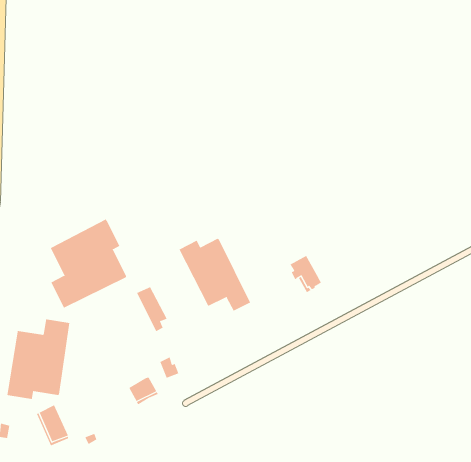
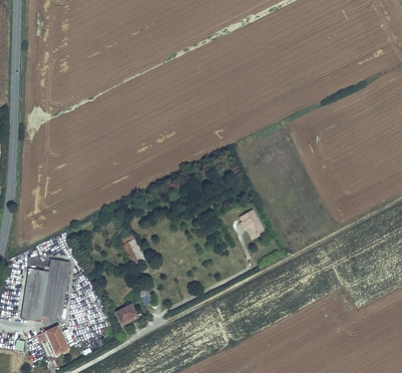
building: [50,219,127,309] -> none
building: [178,238,251,312] -> none

